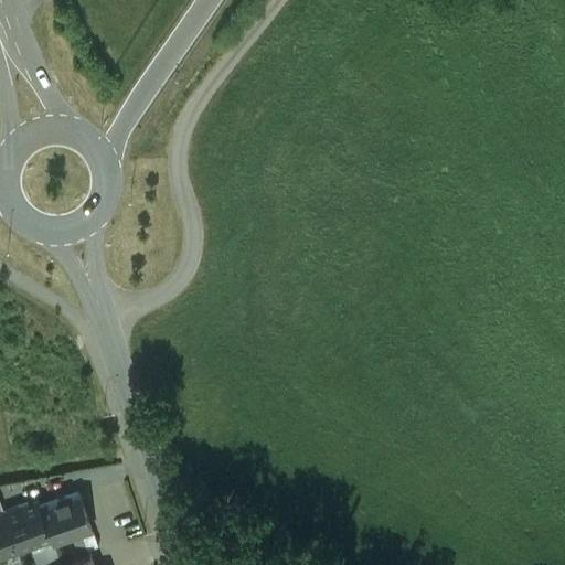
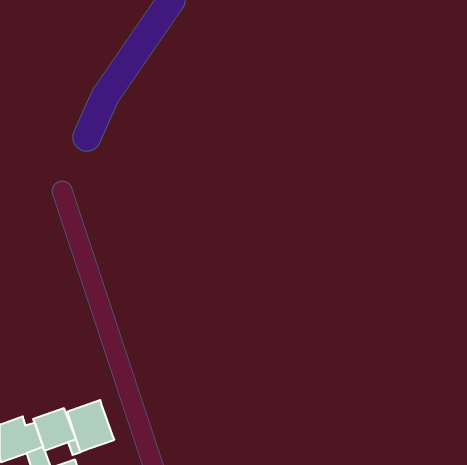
building: none -> [67,400,114,452]

